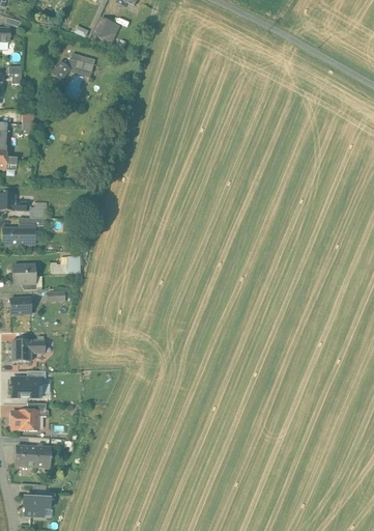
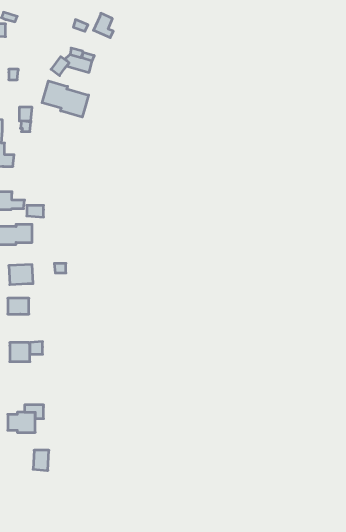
building: none -> [42,81,89,117]
building: [11,378,41,396] -> none
building: [16,446,37,466] -> none
building: [23,497,51,516] -> none

